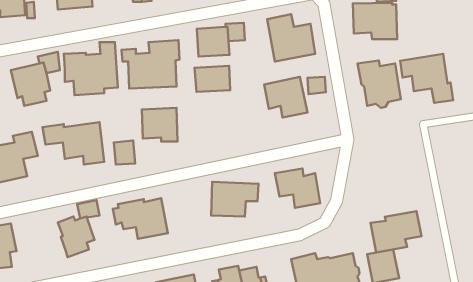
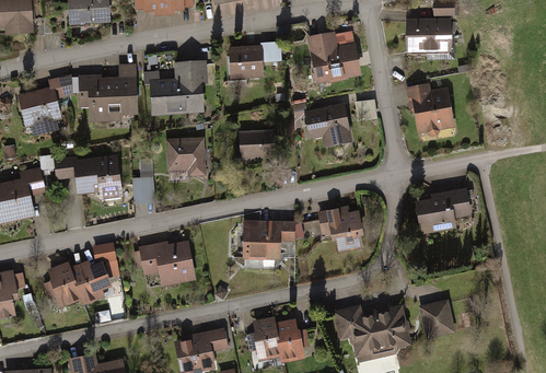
building: [400,54,453,103] -> none
building: [195,66,230,92] -> [236,130,277,160]
building: [370,211,421,253] -> [416,186,474,233]
building: none -> [45,263,78,308]

